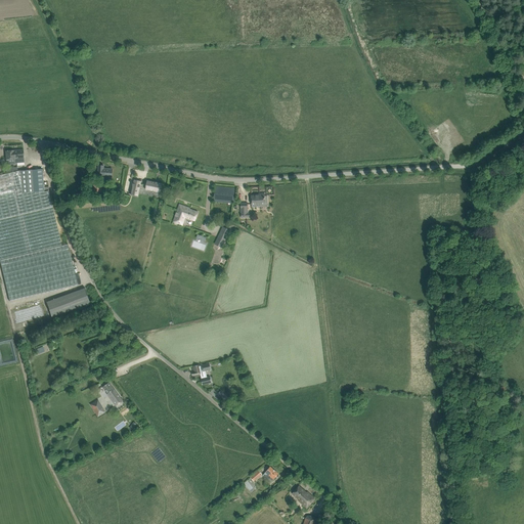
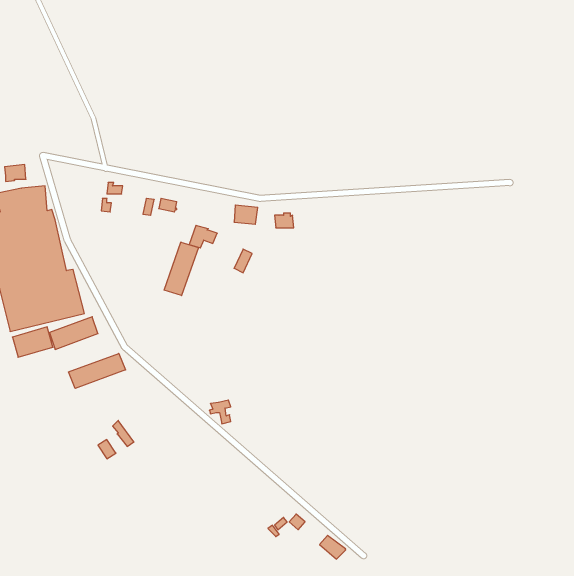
building: none -> [164,242,199,296]
building: none -> [69,353,126,388]

